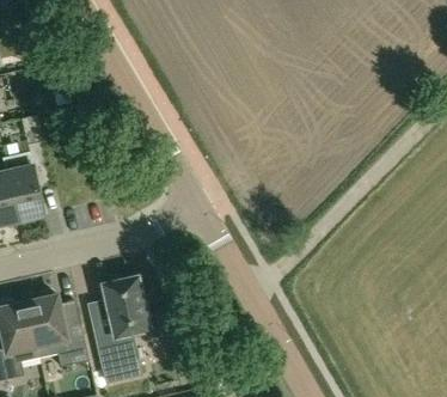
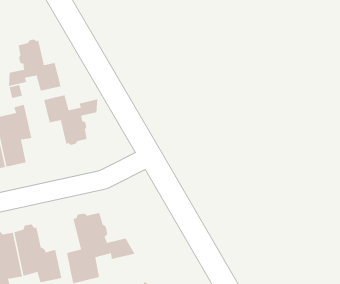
building: none -> [8,38,61,92]
building: none -> [43,95,98,146]

